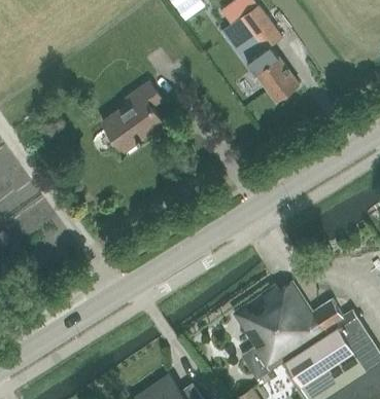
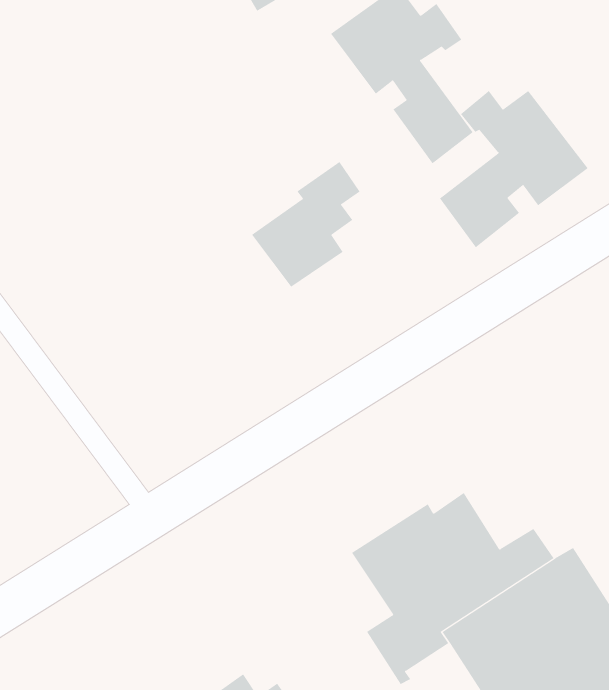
building: none -> [439,89,588,248]
building: [100,82,160,151] -> [251,161,361,288]

